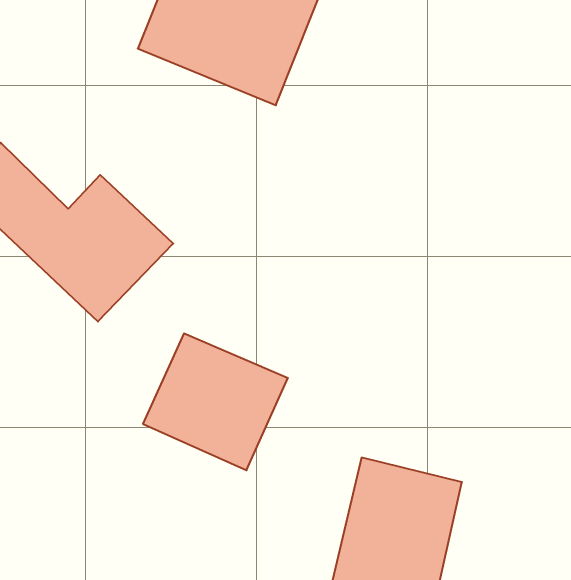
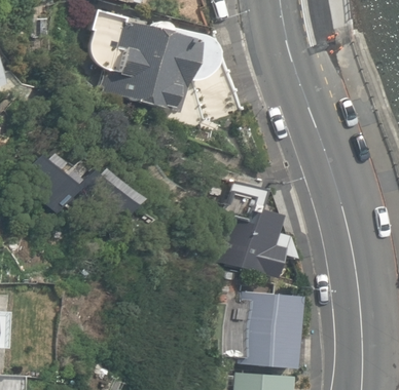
building: [143,333,288,470] -> [218,209,290,276]

